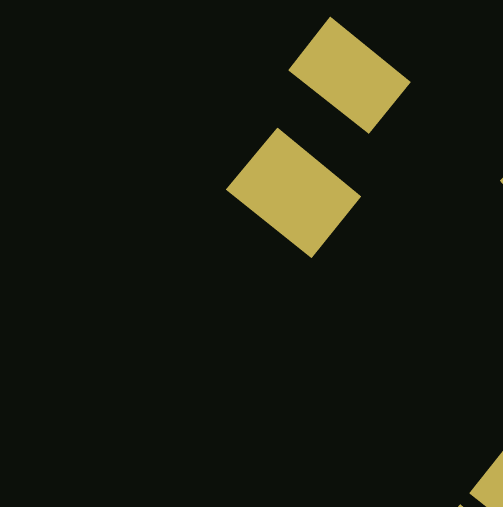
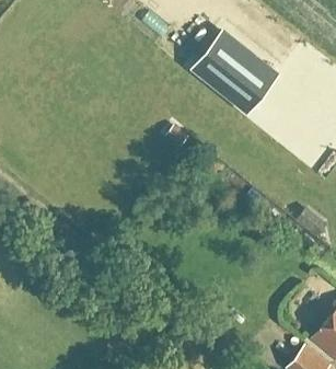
building: [225,127,362,259] -> none

